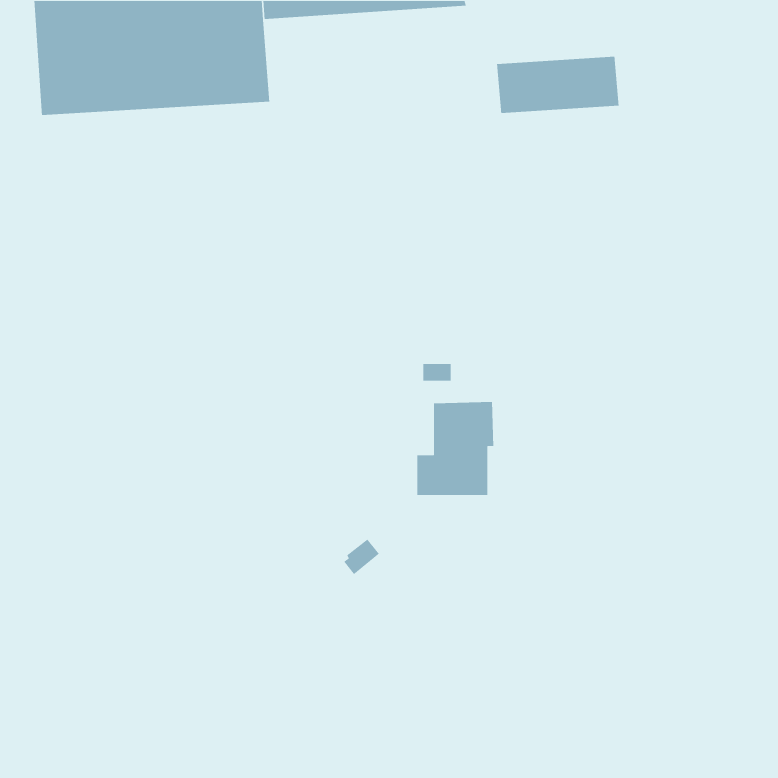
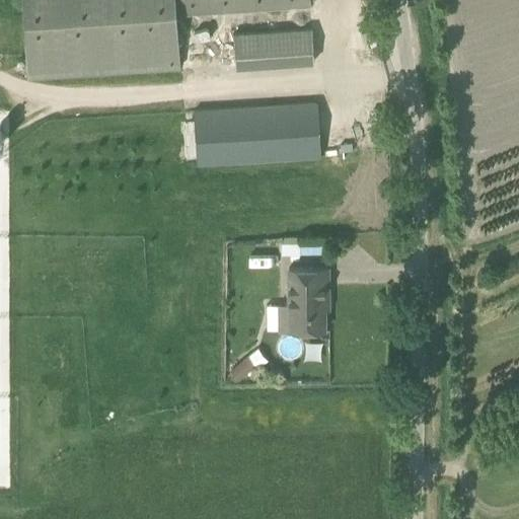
building: [496,56,620,114] -> [233,28,315,67]
building: none -> [196,103,321,165]

